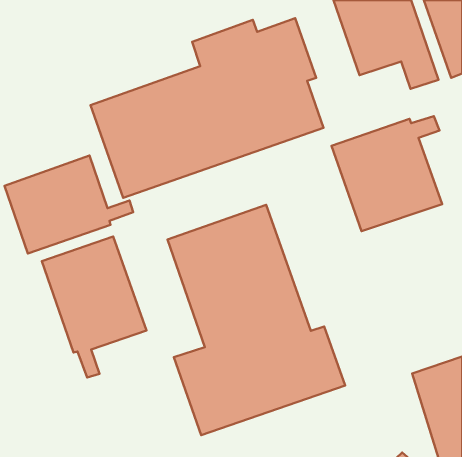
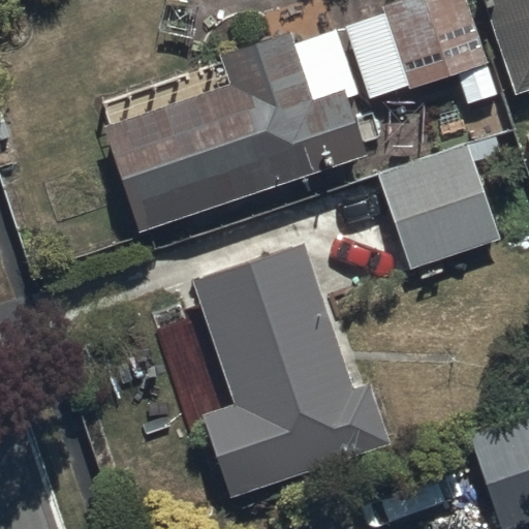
building: [4,155,133,254] -> none
building: [42,236,147,378] -> none

